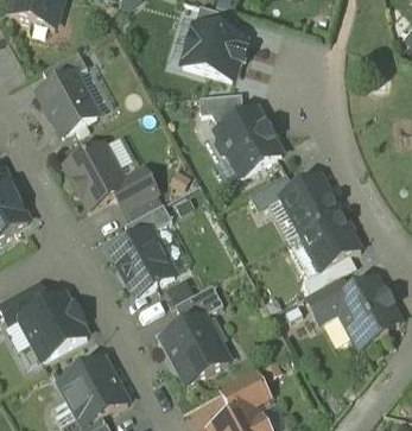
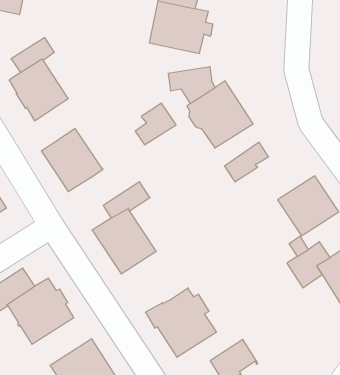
building: [115,167,157,208] -> [135,103,176,145]
building: [280,172,340,230] -> none
building: [175,284,223,323] -> none

